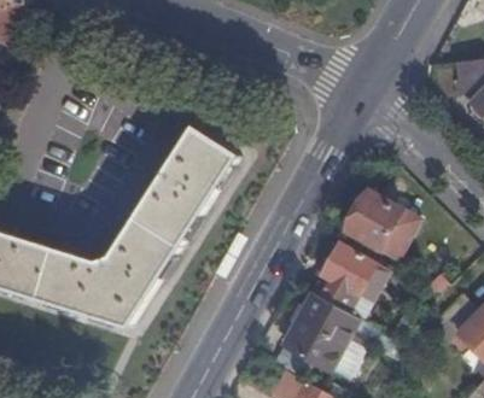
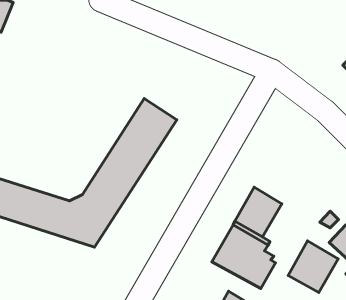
building: [344,192,418,261] -> none
building: none -> [288,241,338,292]

